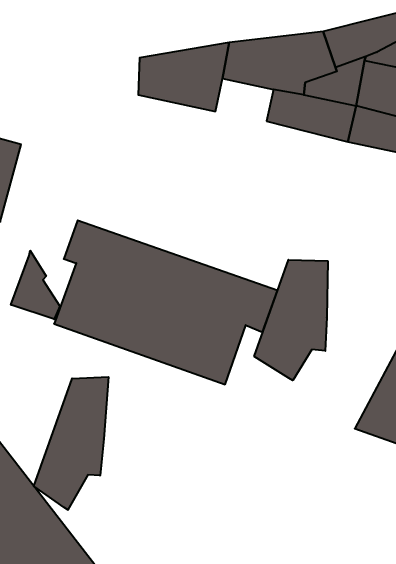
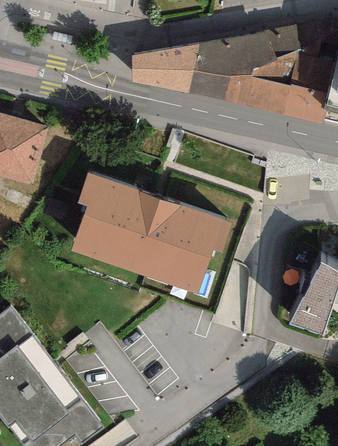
building: none -> [188,68,230,99]
building: [11,251,60,319] -> none
building: [254,260,328,380] -> none
building: [34,377,108,510] -> none

